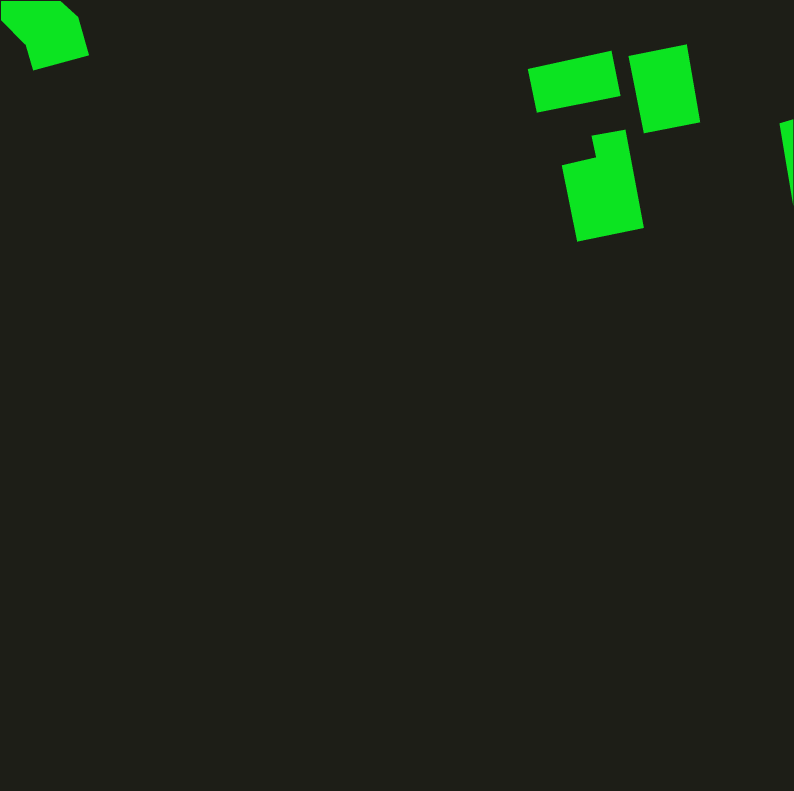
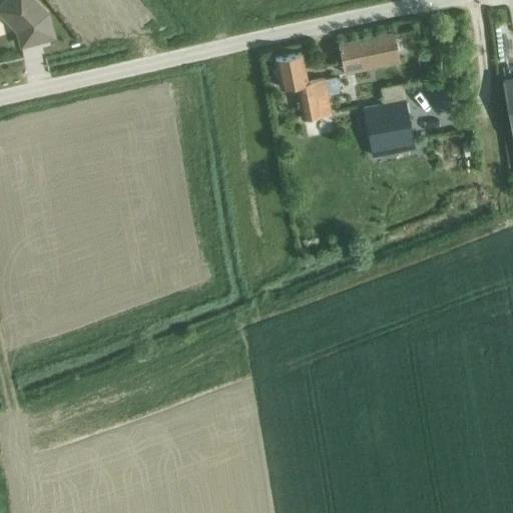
building: [627,43,701,134] -> none
building: none -> [276,54,332,120]

